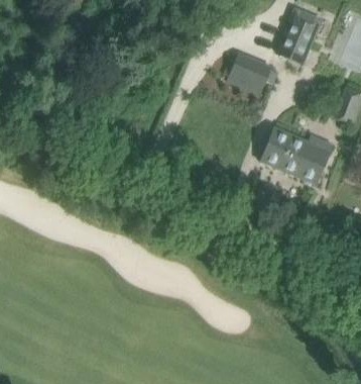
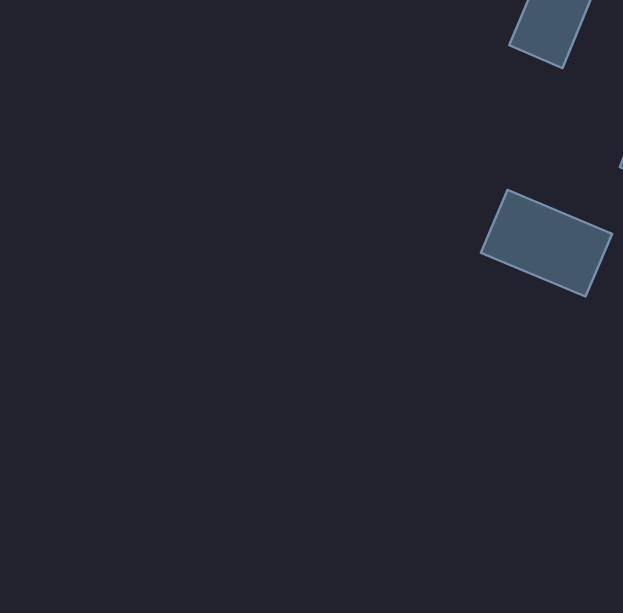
building: [227,52,271,94] -> none

